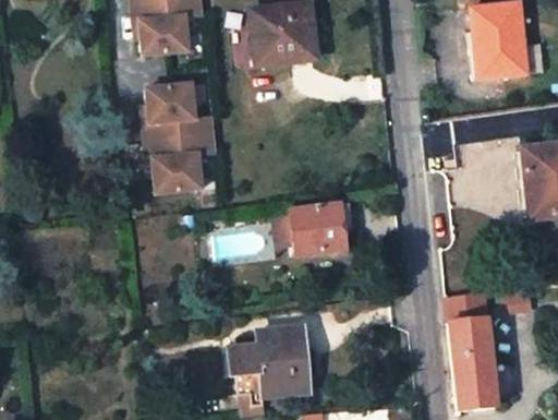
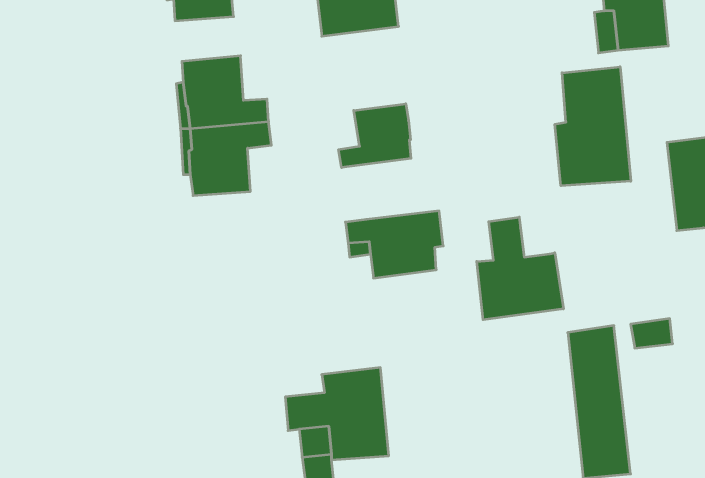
building: none -> [555,67,631,186]
building: none -> [339,104,411,168]
building: none -> [477,217,563,320]

